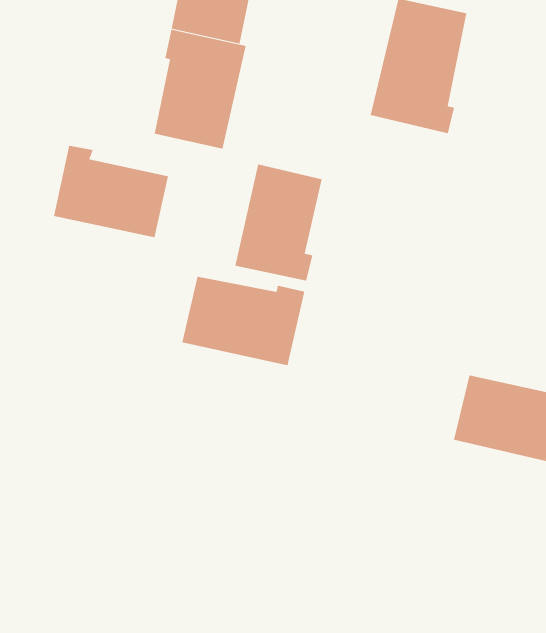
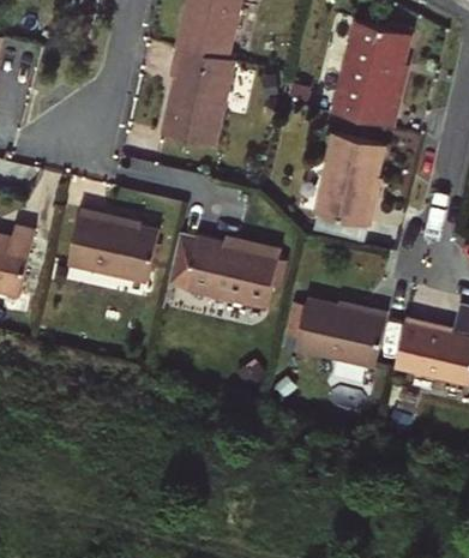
building: [53,145,169,238] -> [55,206,145,278]
building: [234,164,322,281] -> [314,134,383,226]
building: none -> [291,298,387,366]

